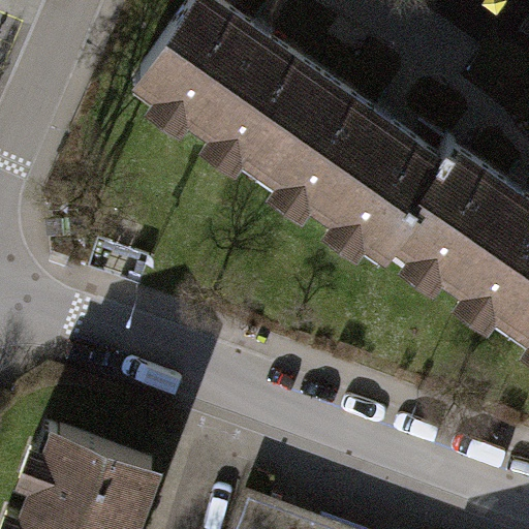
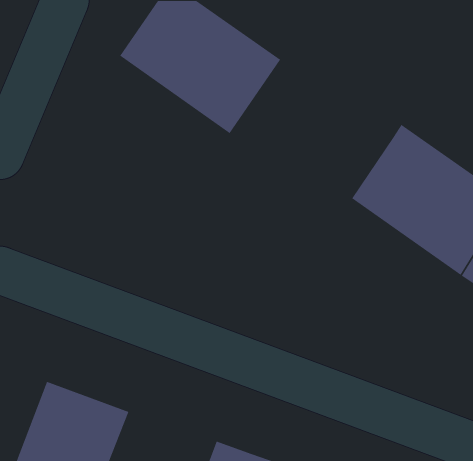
building: [258,83,439,252] -> none

